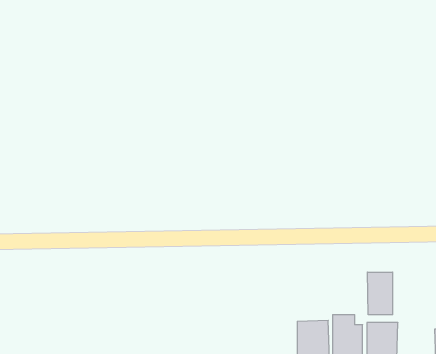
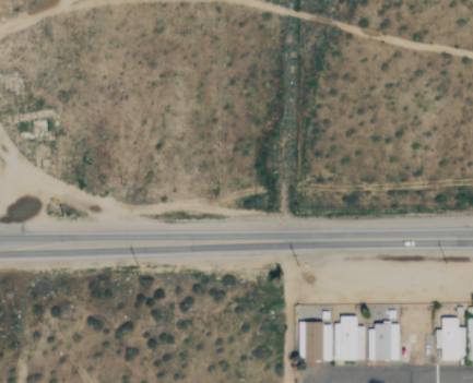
building: [367,272,393,315] -> none

